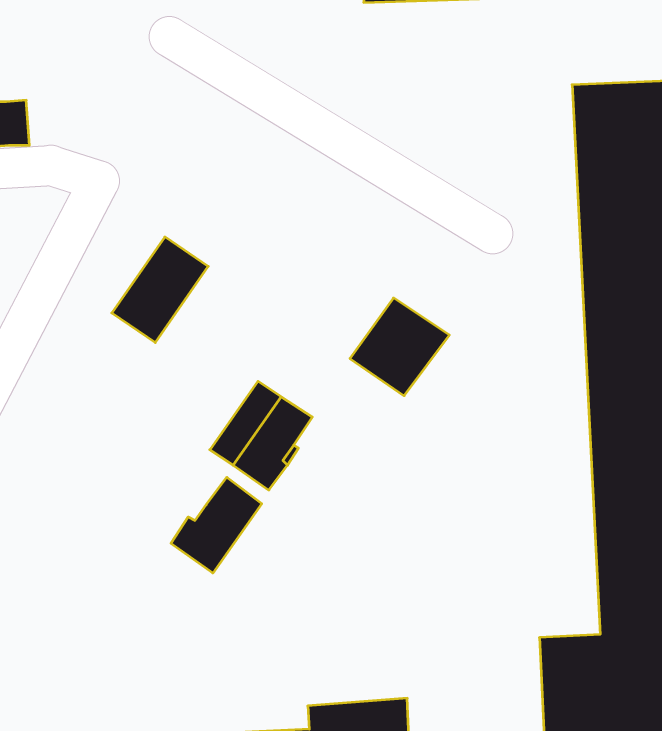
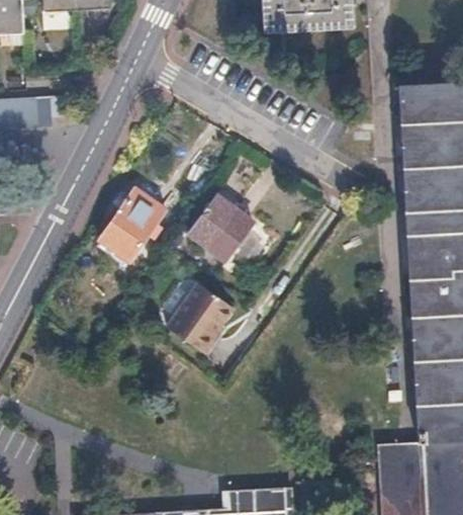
building: [350,298,449,396] -> [188,193,253,257]
building: [171,477,262,573] -> none

